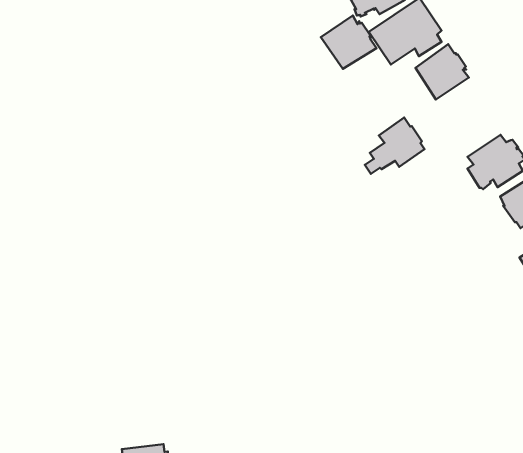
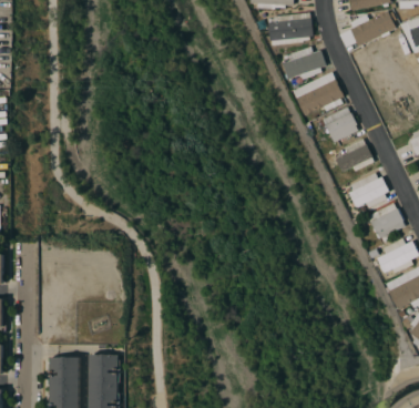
building: [321,16,376,69] -> none
building: [365,118,424,174] -> [331,139,374,174]

